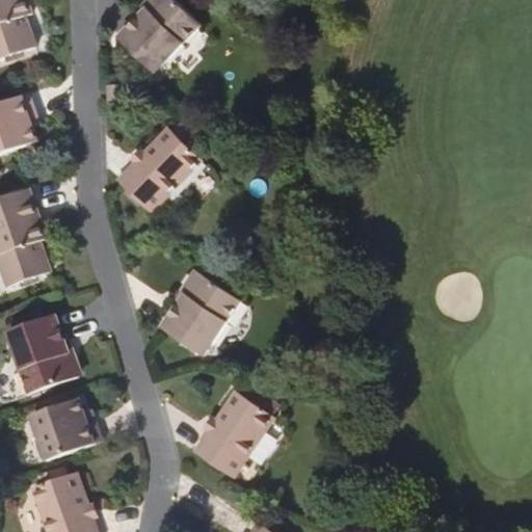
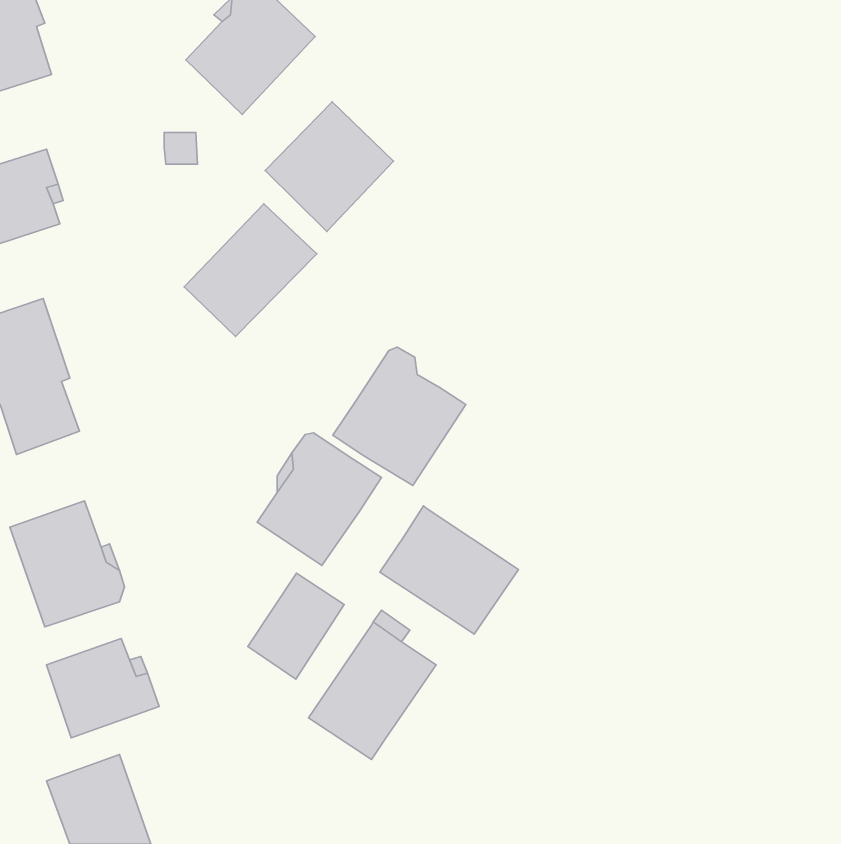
building: none -> [265,102,394,231]
building: none -> [333,347,466,486]
building: none -> [380,506,519,634]
building: none -> [248,573,344,679]

